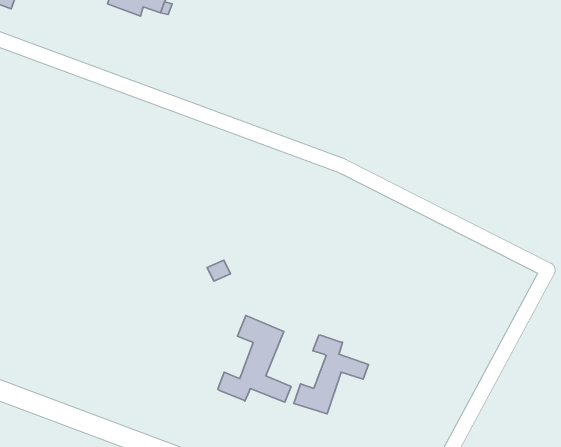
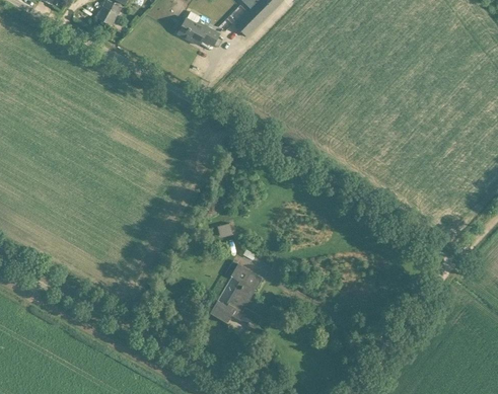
building: [294,335,368,414] -> none

